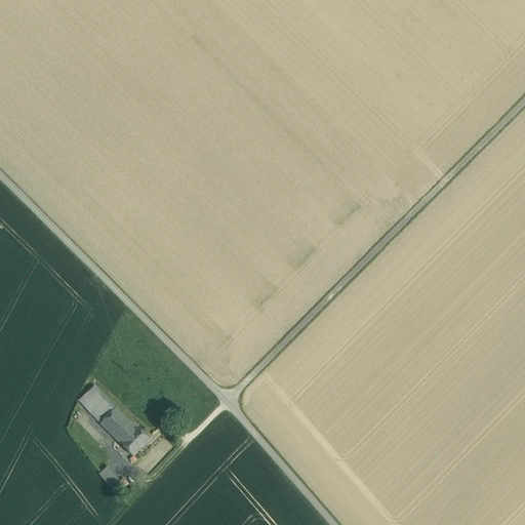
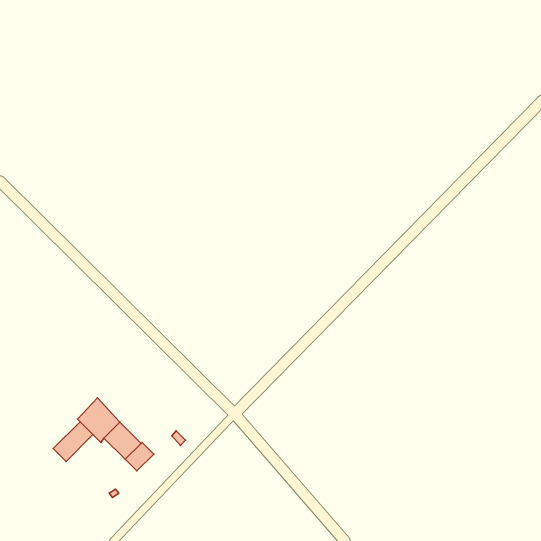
building: none -> [53,422,93,461]

